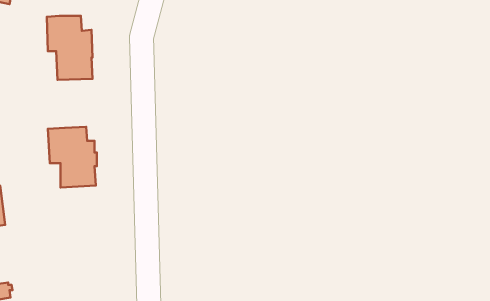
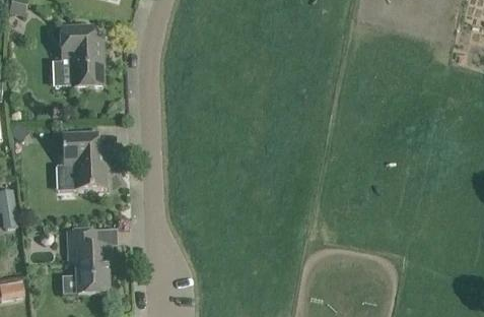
building: none -> [66,230,111,293]

